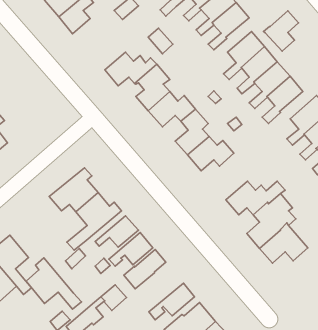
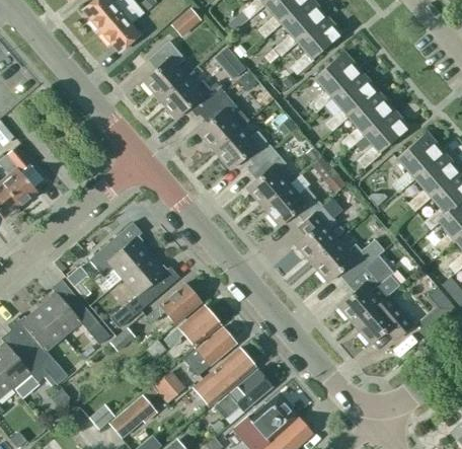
building: [263,11,299,51] -> none
building: none -> [144,43,185,99]
building: none -> [297,205,339,264]
building: [26,258,81,309] -> [40,279,109,344]
building: none -> [192,348,255,406]

